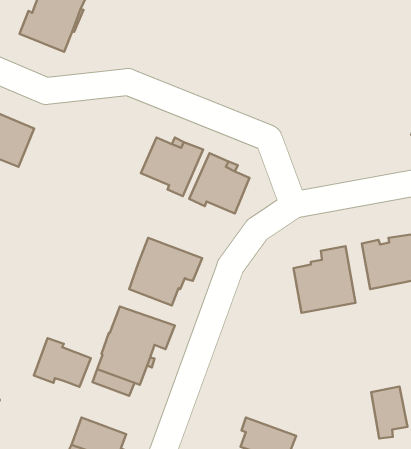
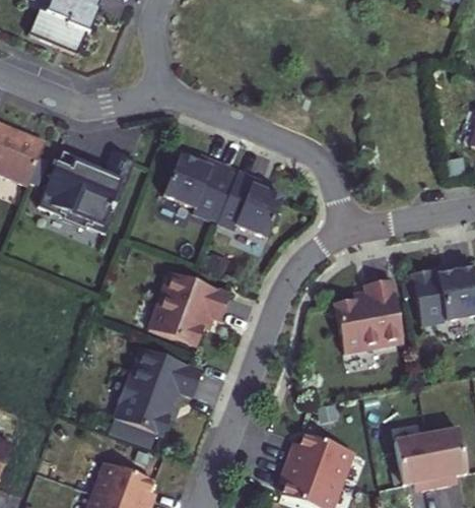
building: none -> [41,151,139,237]
building: [34,338,91,387] -> none
building: none -> [283,438,350,487]
building: none -> [390,438,431,493]

